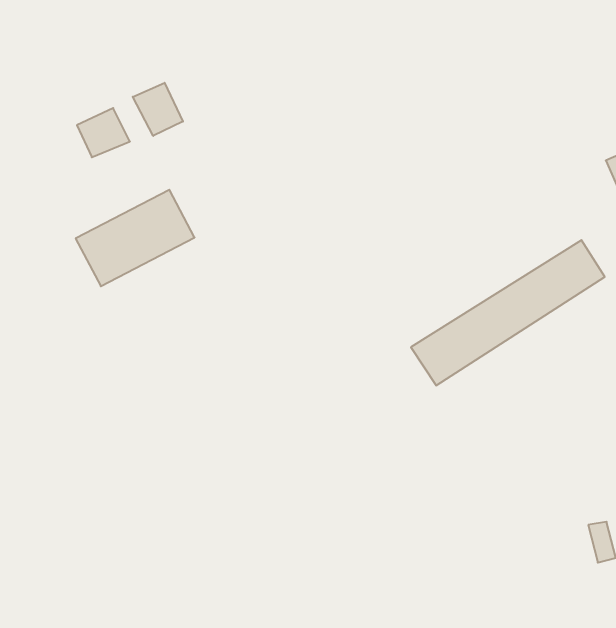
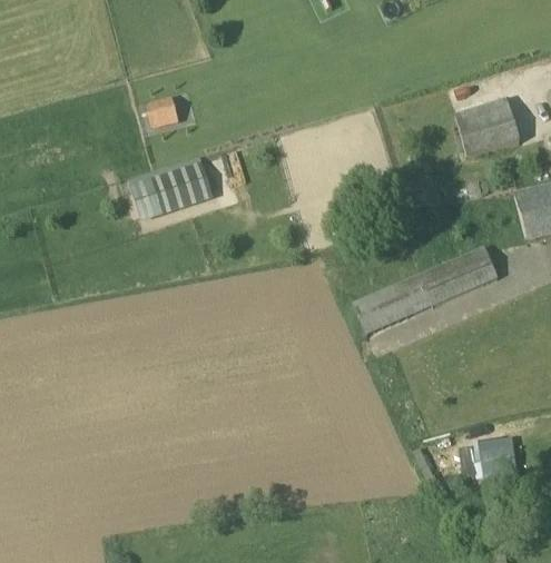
building: none -> [456,96,522,155]
building: [133,83,183,136] -> none

